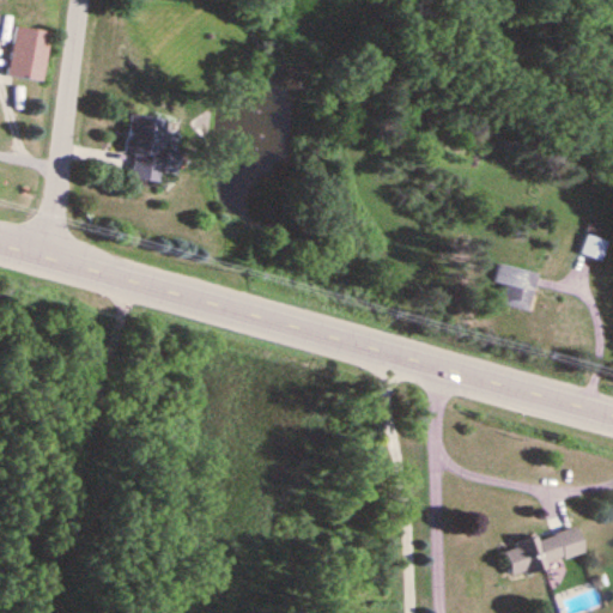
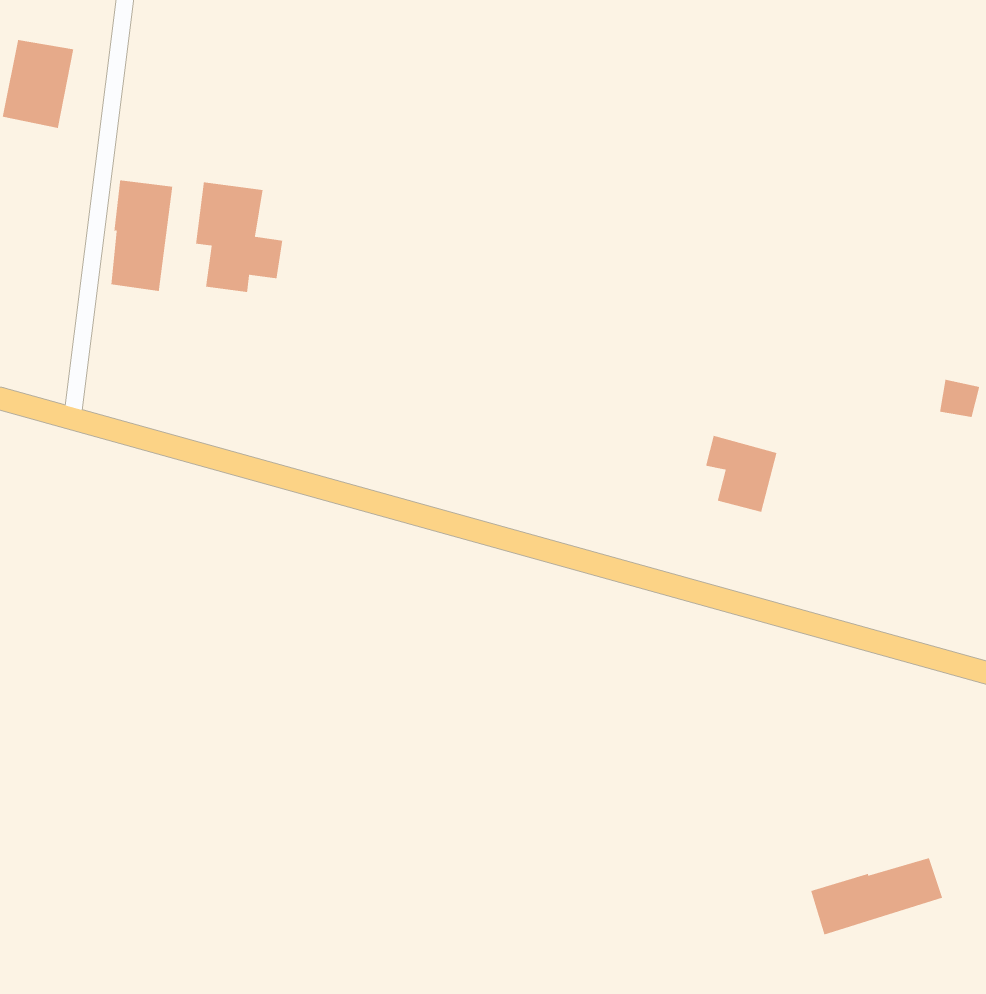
building: none -> [110,180,173,292]
building: [492,263,536,311] -> [705,435,777,513]

